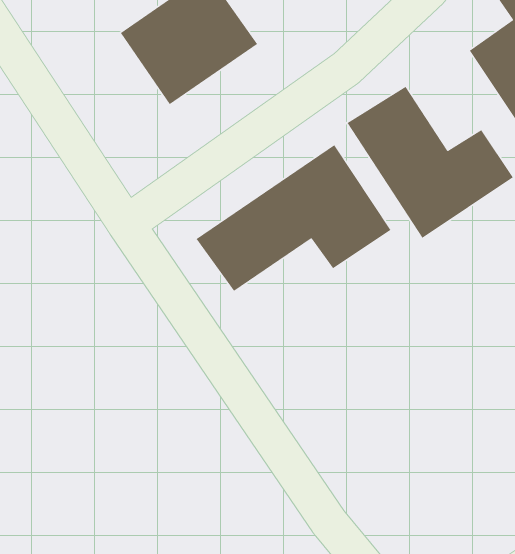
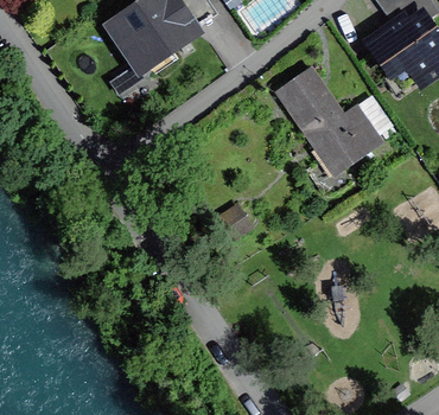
building: [195,144,392,292] -> none

